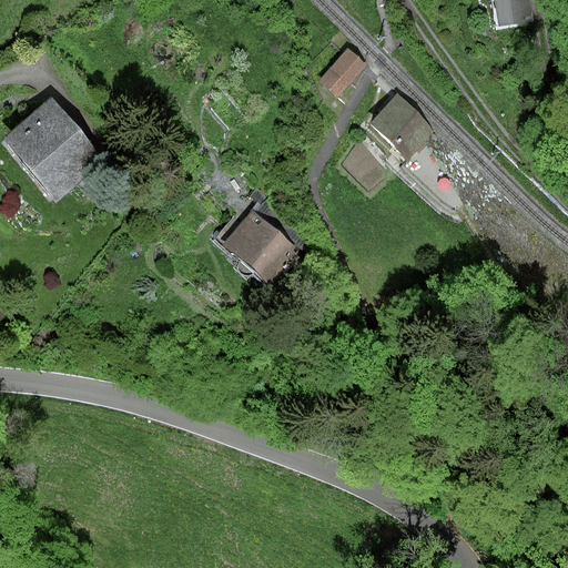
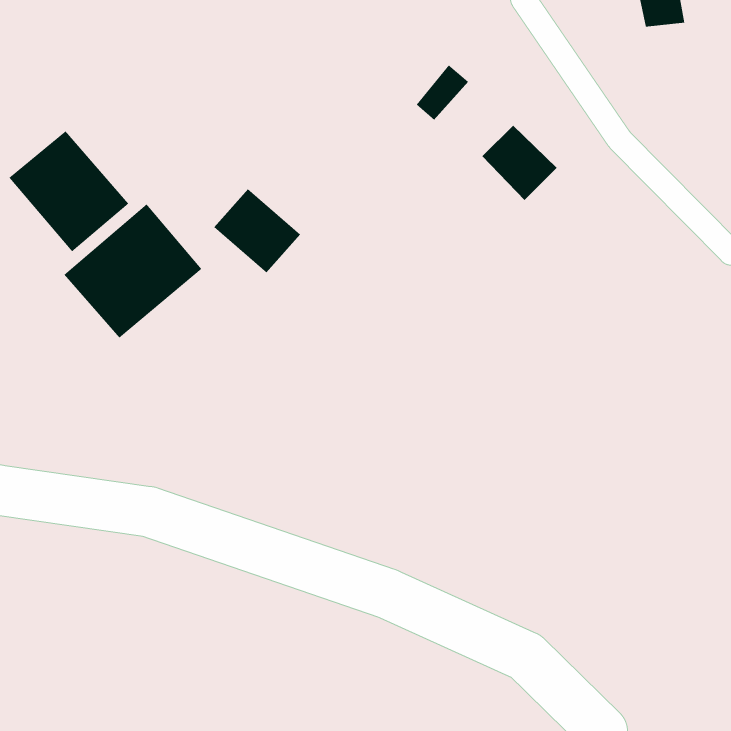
building: none -> [63,204,202,339]
building: [225,212,293,277] -> [213,188,301,273]

